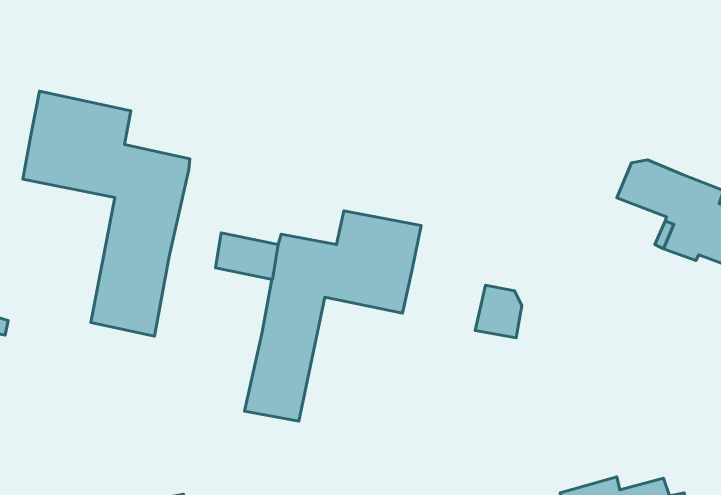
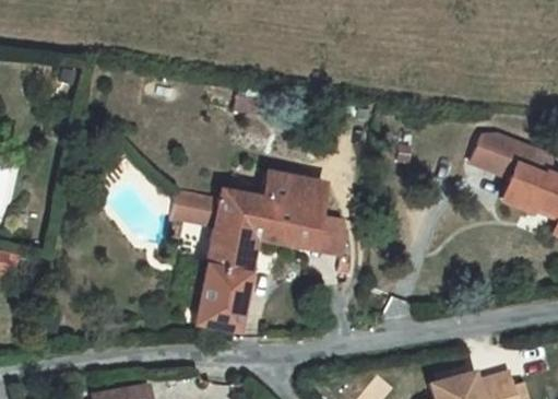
building: [23,91,190,336] -> none
building: [475,285,522,338] -> [313,215,348,255]

